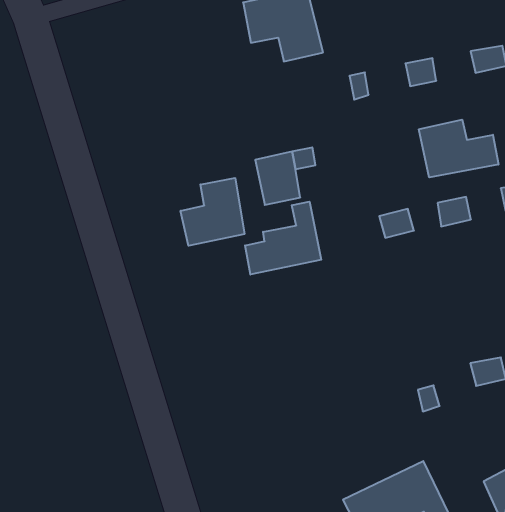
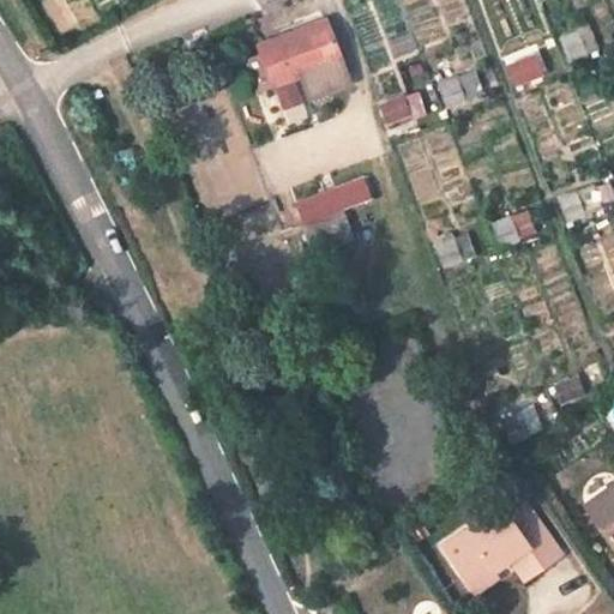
building: [419,120,498,177] -> none
building: [181,178,244,246] -> none
building: [245,202,321,275] -> none

